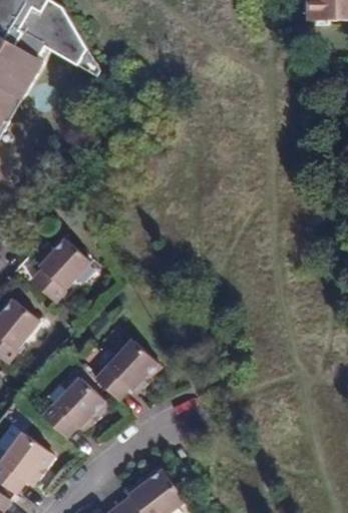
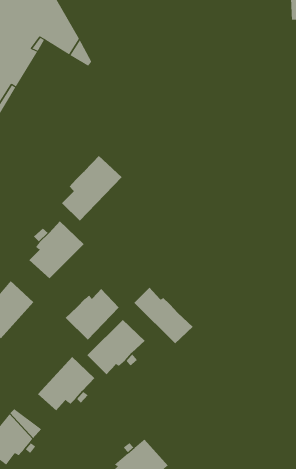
building: none -> [61,155,123,221]
building: none -> [134,287,193,344]
building: none -> [65,288,120,341]

